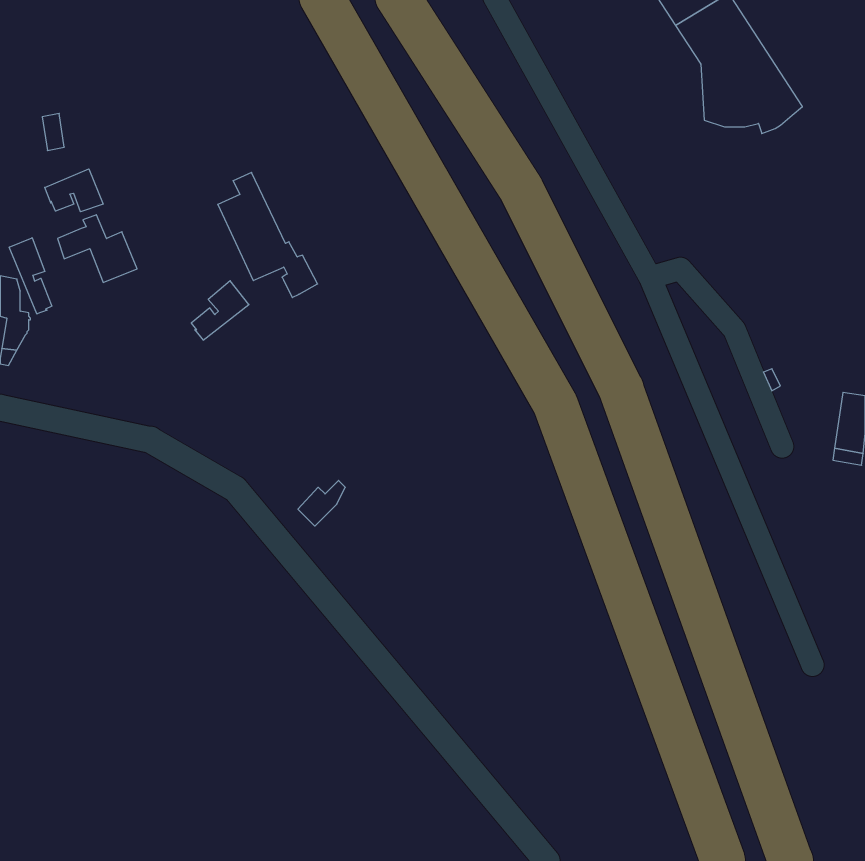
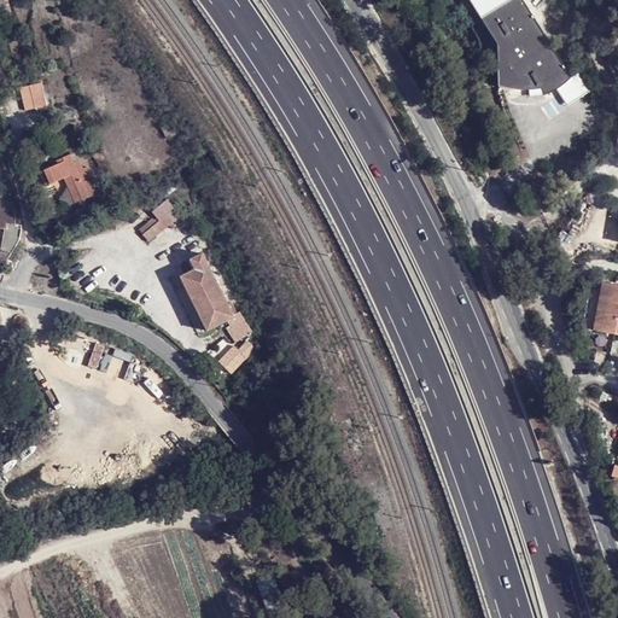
building: [45,169,103,212] -> none
building: [218,172,318,298] -> [175,255,246,344]
building: [9,238,52,314] -> none

